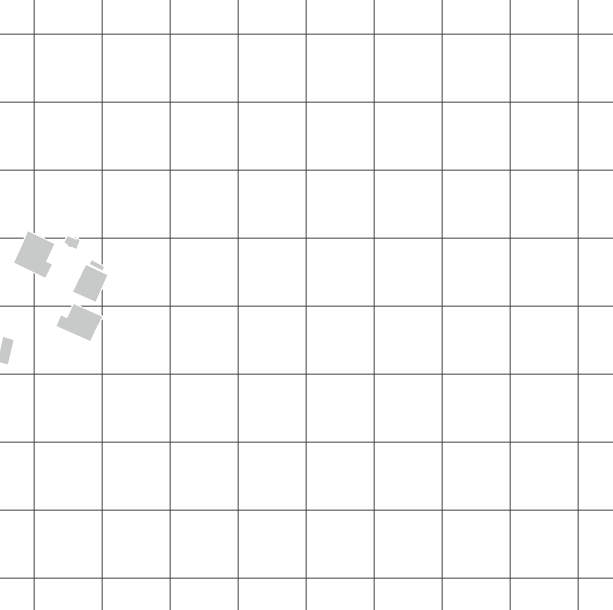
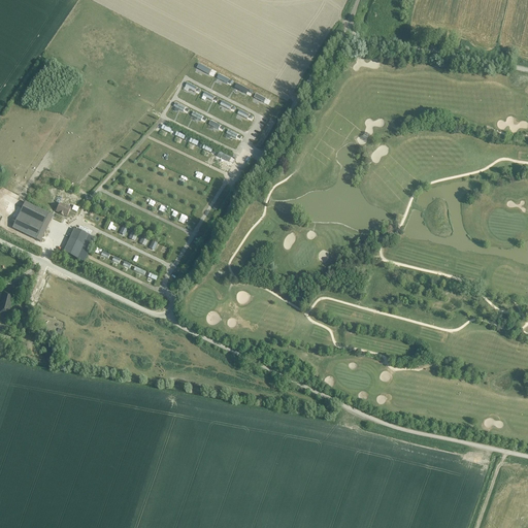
building: [56,303,103,342] -> none

